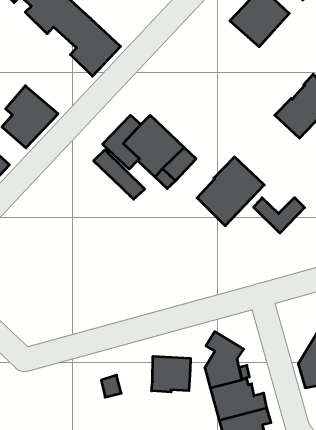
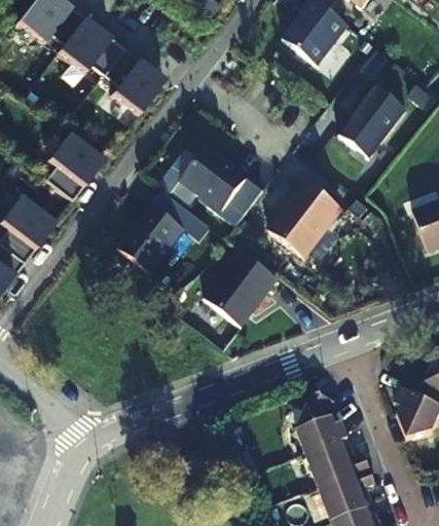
building: none -> [114,209,182,277]
building: [254,198,305,233] -> none
building: none -> [200,257,275,333]
building: [152,356,190,392] -> none

